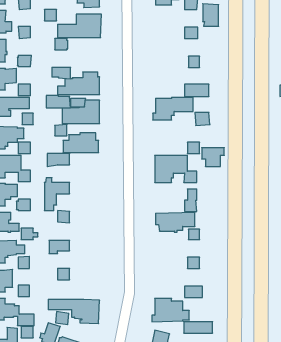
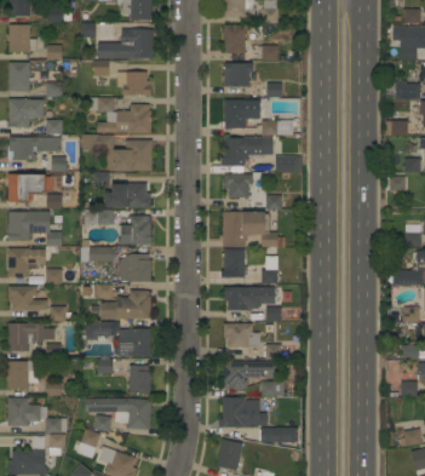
building: [203,4,219,26] -> [224,24,245,53]
building: none -> [224,63,253,87]
building: none -> [122,71,151,96]
building: none -> [224,99,245,128]
building: [202,148,224,166] -> [224,174,253,199]
building: none -> [117,216,150,245]
building: none -> [223,248,245,279]
building: none -> [120,253,150,282]
building: none -> [100,291,150,319]
building: none -> [223,323,259,348]
building: none -> [116,328,150,356]
building: none -> [224,361,275,395]
building: none -> [130,365,150,394]

